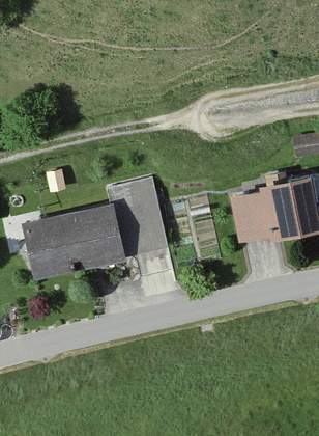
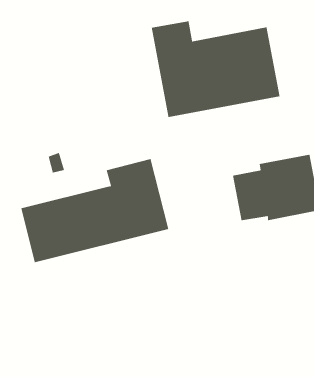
building: none -> [151,21,280,118]

